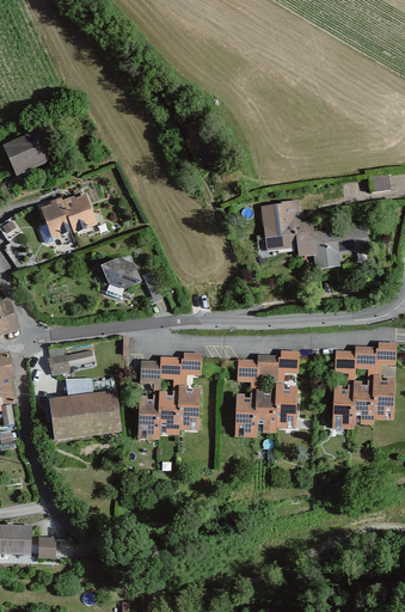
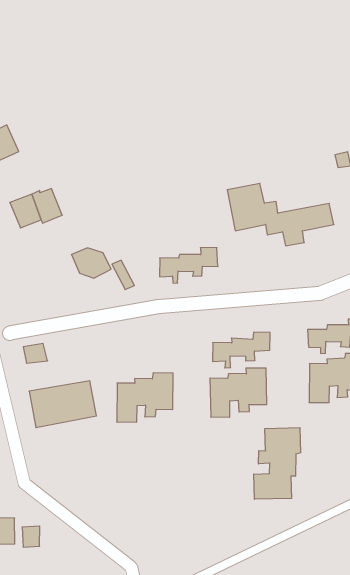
building: [139,354,198,388] -> [160,248,218,283]
building: none -> [254,428,301,499]

